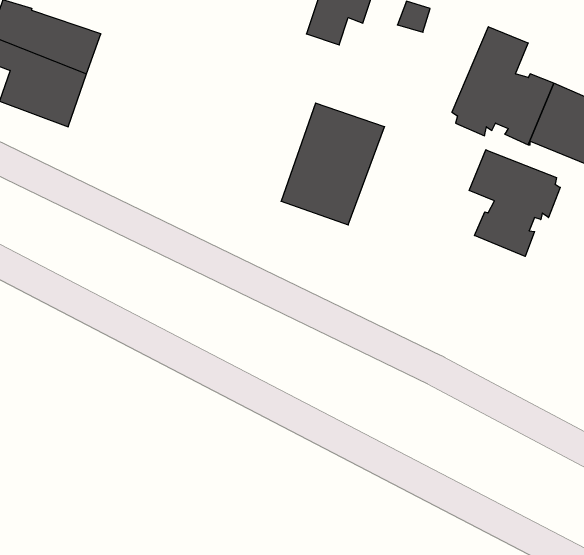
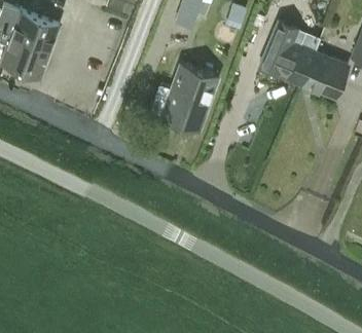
building: [469,150,560,256] -> none

